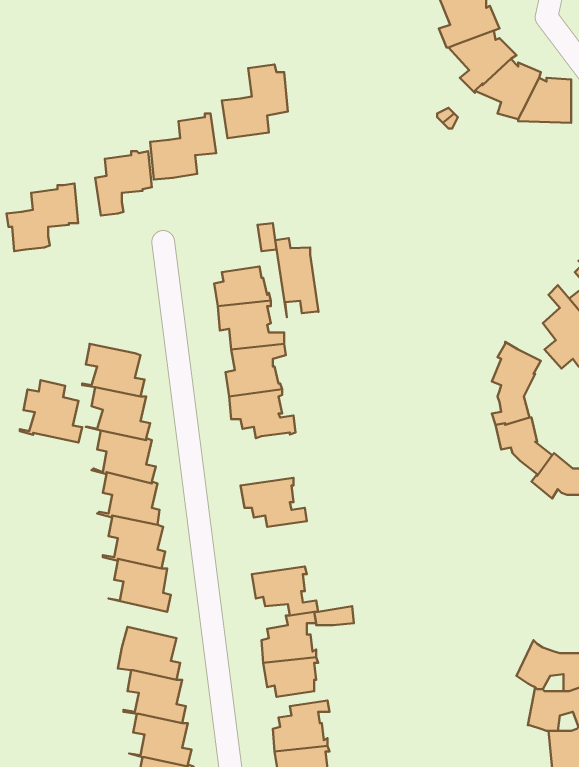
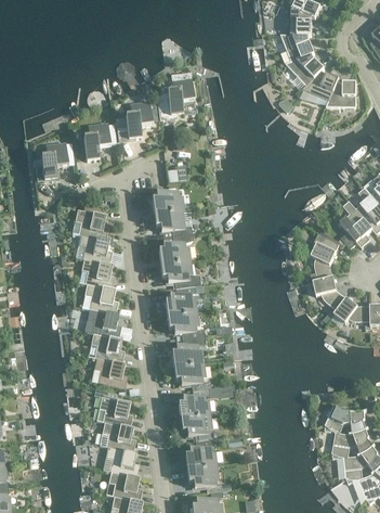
building: [275,238,318,317] -> none
building: [20,380,82,442] -> [73,203,108,239]
building: none -> [165,284,197,315]
building: none -> [171,335,206,365]

